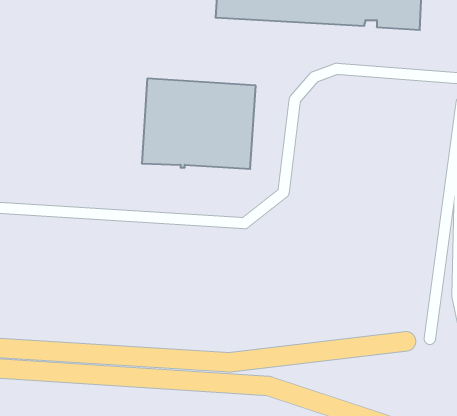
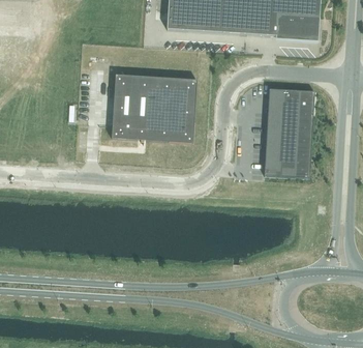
building: none -> [264,89,314,178]

